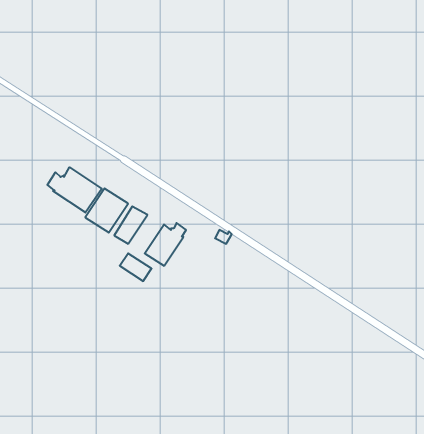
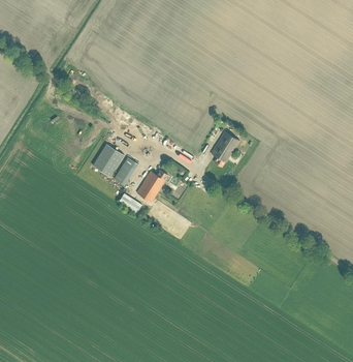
building: [47,167,102,213] -> none
building: none -> [211,130,239,165]

